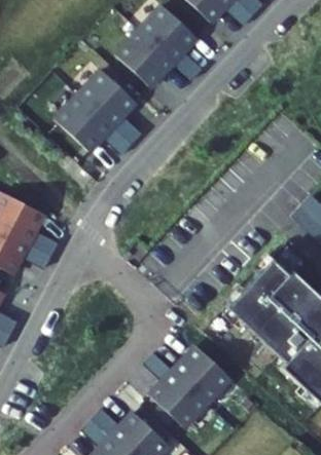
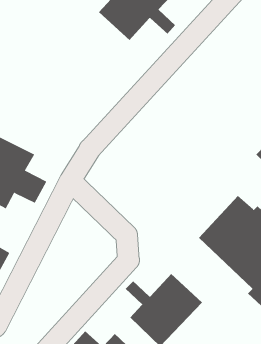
building: [56,70,142,155] -> none

